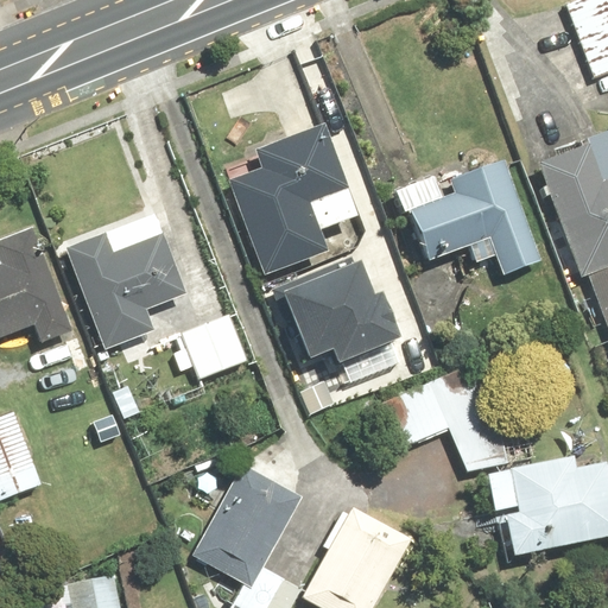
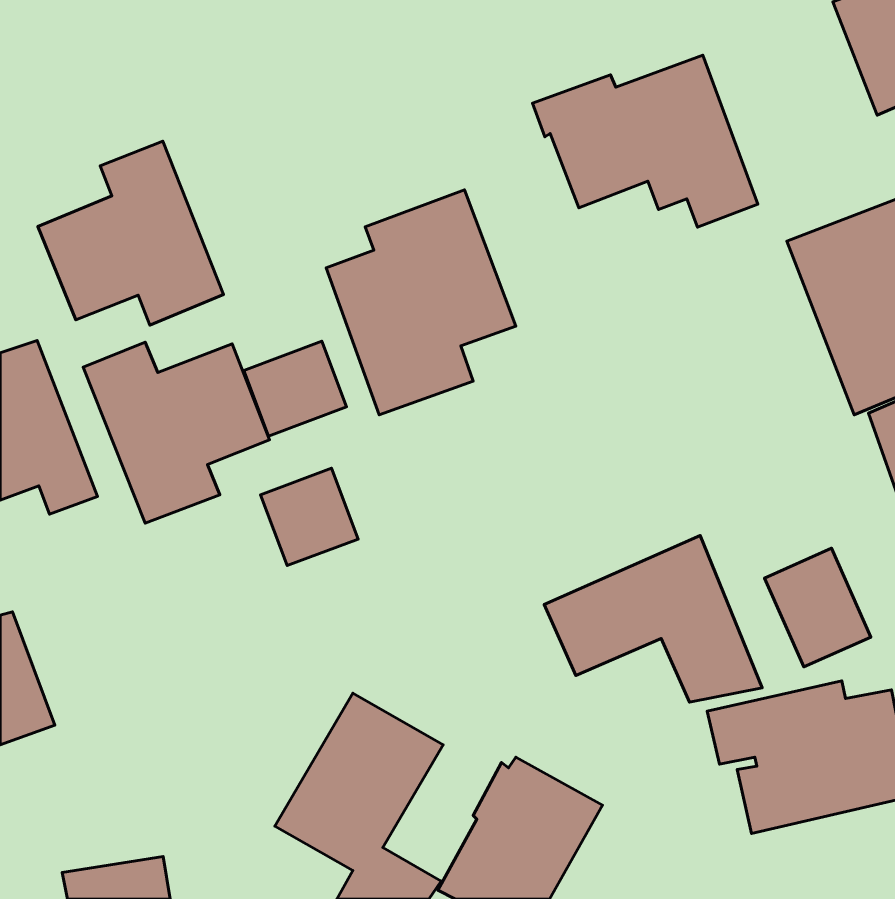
building: none -> [38,141,224,325]
building: [391,160,542,276] -> [533,55,758,227]
building: none -> [244,341,346,436]
building: [280,255,401,361] -> none
building: none -> [764,548,871,667]

